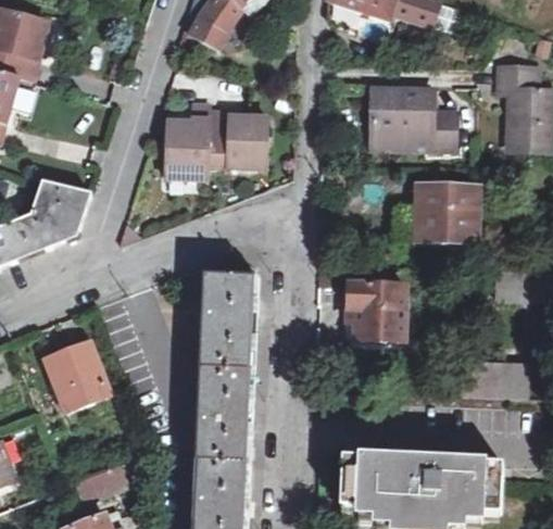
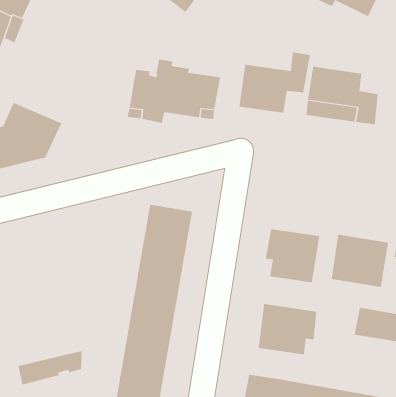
building: none -> [239,52,311,114]
building: [414,186,476,241] -> [331,234,389,287]
building: [46,340,109,408] -> none
building: none -> [258,303,317,355]

